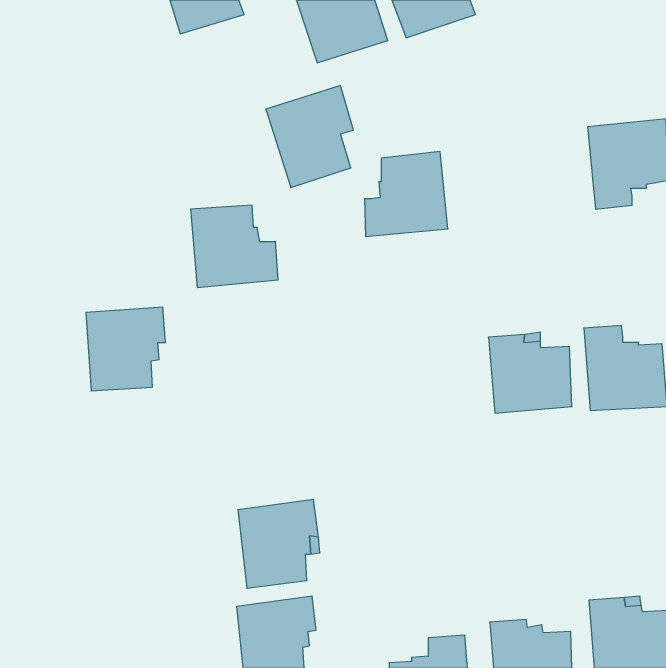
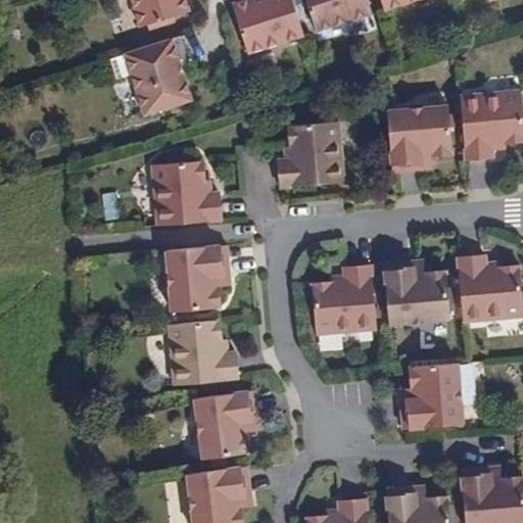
building: [266,86,353,188] -> [137,32,205,111]
building: none -> [386,103,451,171]
building: [86,307,166,391] -> [167,245,229,311]
building: none -> [313,266,375,334]
building: none -> [168,320,237,384]
building: none -> [399,362,461,429]

